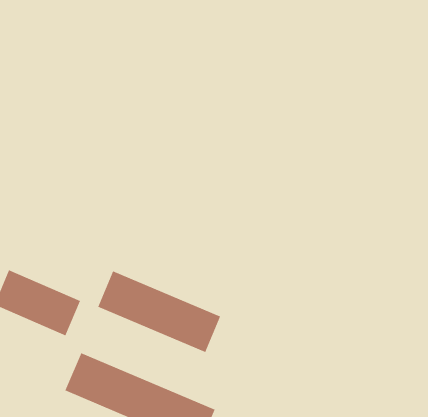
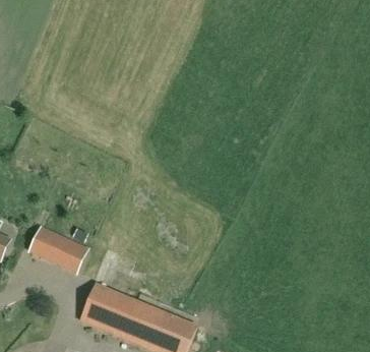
building: [97,270,221,353] -> none

